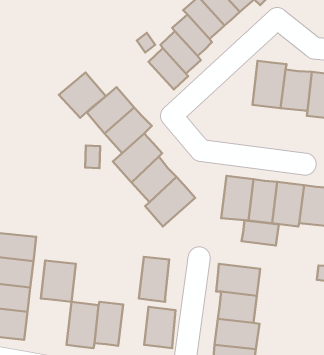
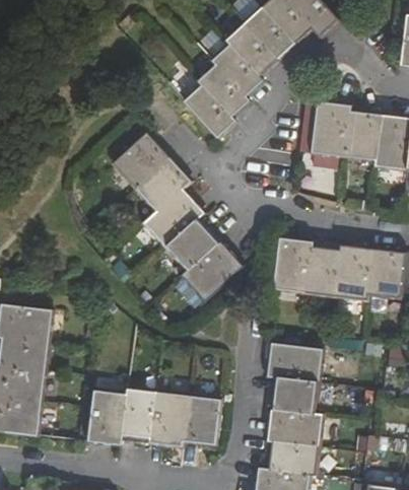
building: [59,73,106,118] -> none
building: [242,220,279,245] -> none
building: [139,257,169,302] -> [150,393,187,446]
building: [41,261,76,302] -> none

